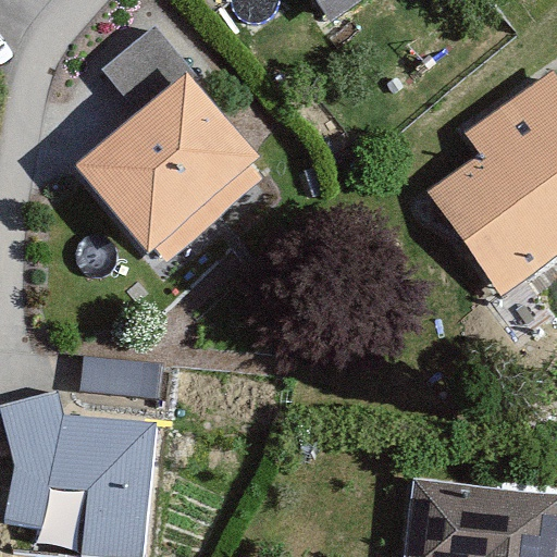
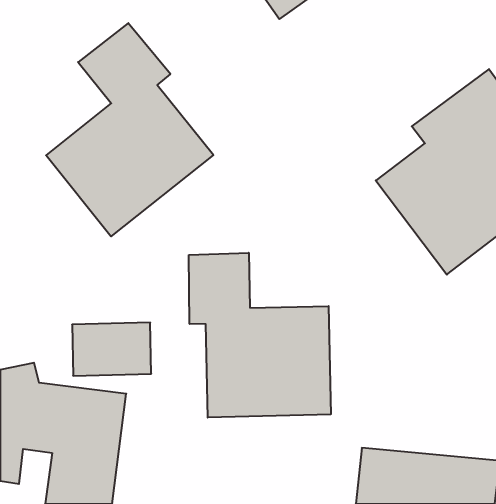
building: none -> [189,253,331,418]

